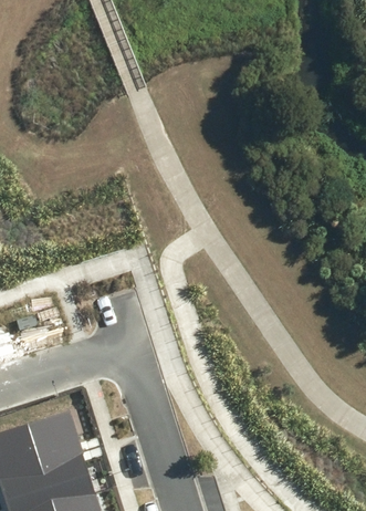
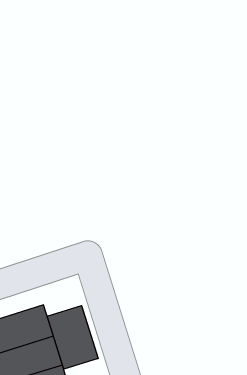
building: none -> [47,306,98,369]

